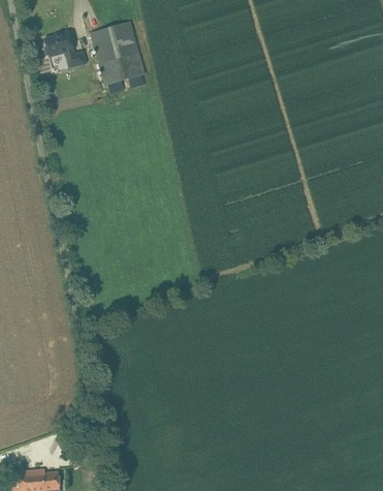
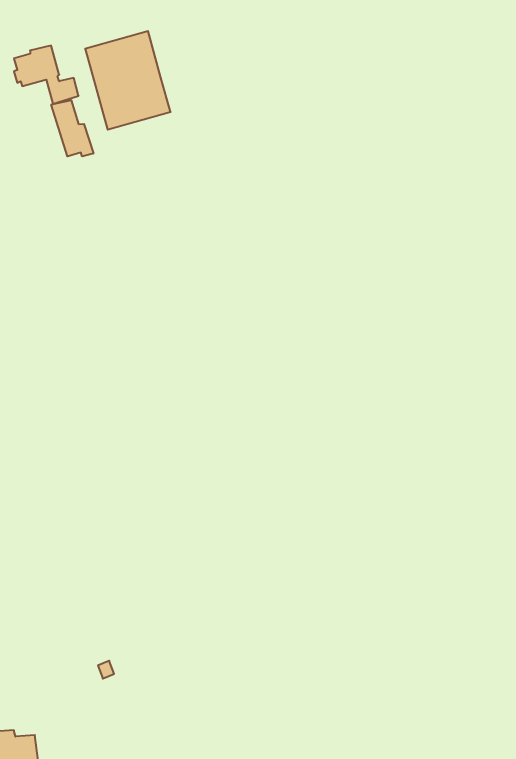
building: none -> [51,100,93,156]

